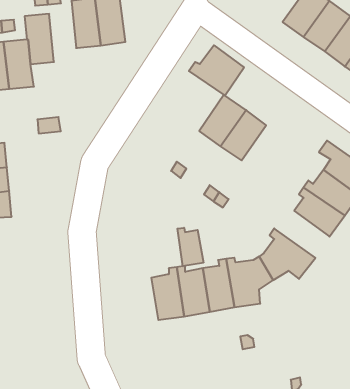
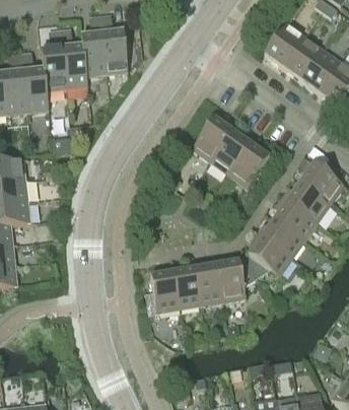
building: none -> [62,45,87,88]
building: [189,45,244,96] -> none
building: none -> [228,143,269,188]
building: none -> [257,217,304,258]
building: [177,228,203,266] -> none

